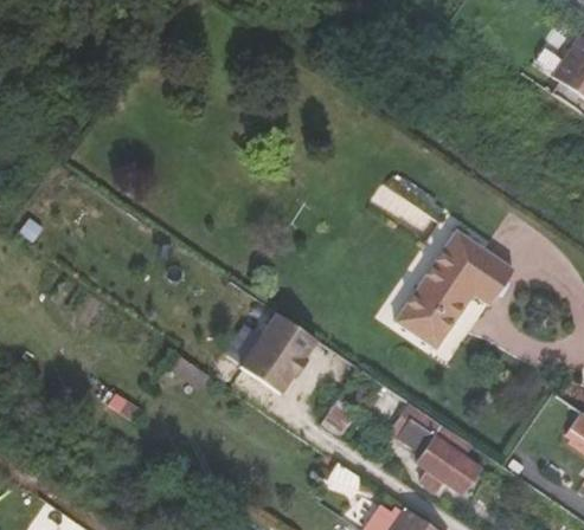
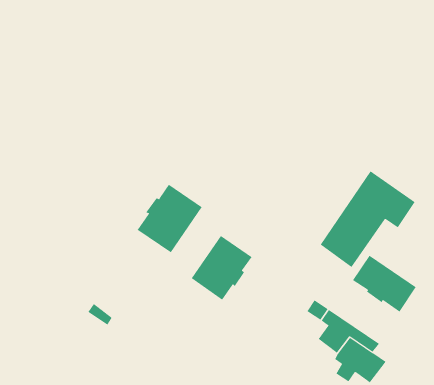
building: none -> [137,184,203,253]
building: none -> [352,255,417,312]

